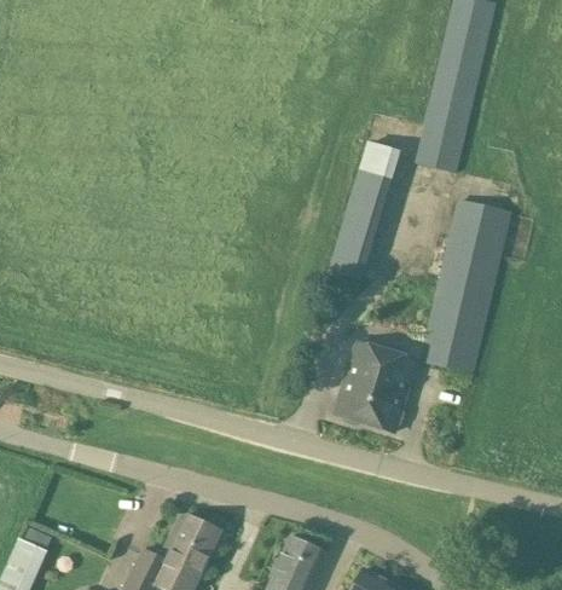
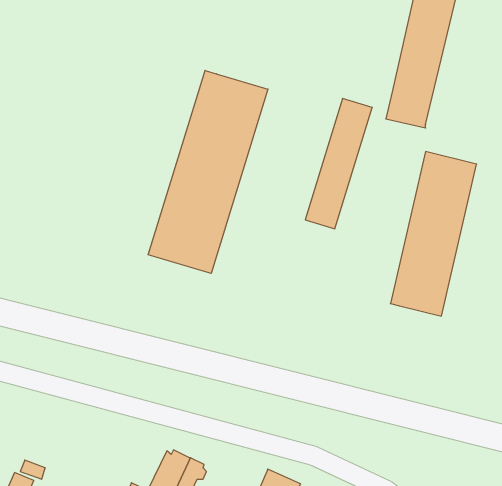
building: none -> [148,70,268,273]
building: [335,343,415,432] -> none

